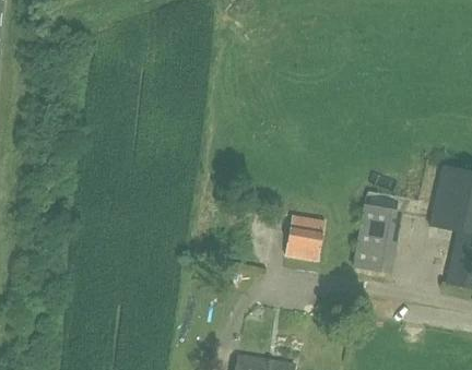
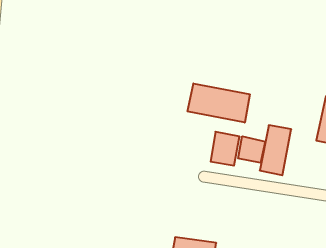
building: none -> [188,83,250,123]
building: none -> [238,136,265,163]

